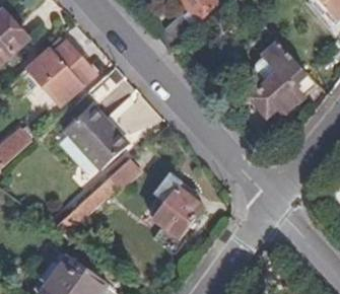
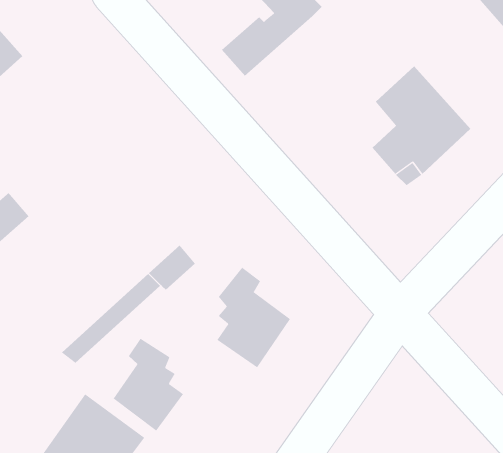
building: [26,38,95,105] -> none
building: [64,104,126,166] -> none
building: none -> [113,338,184,432]

